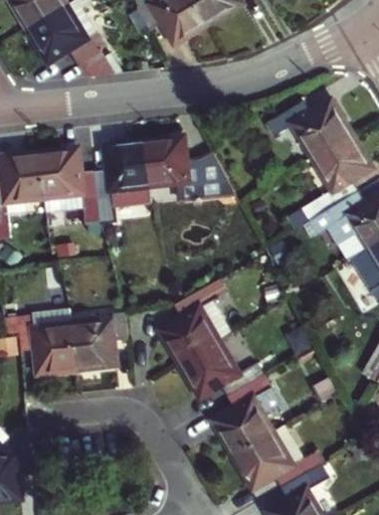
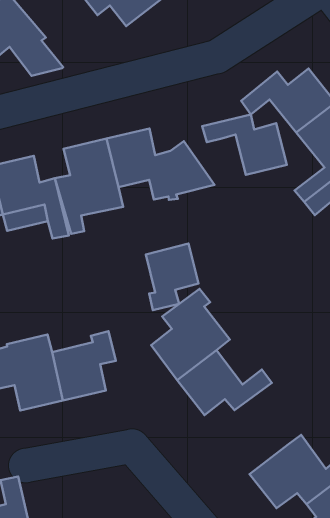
building: none -> [202,114,287,175]
building: none -> [146,244,198,310]
building: [213,376,278,455] -> none

